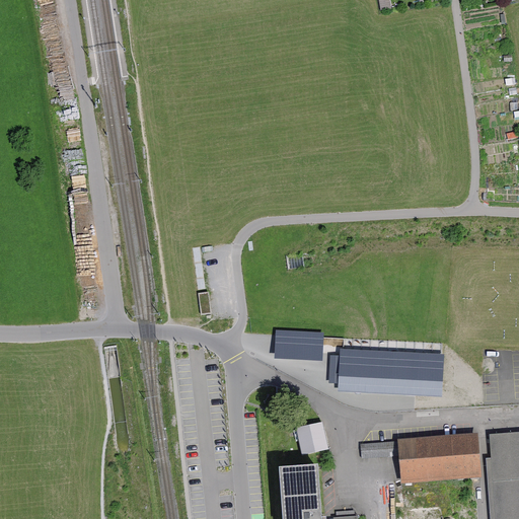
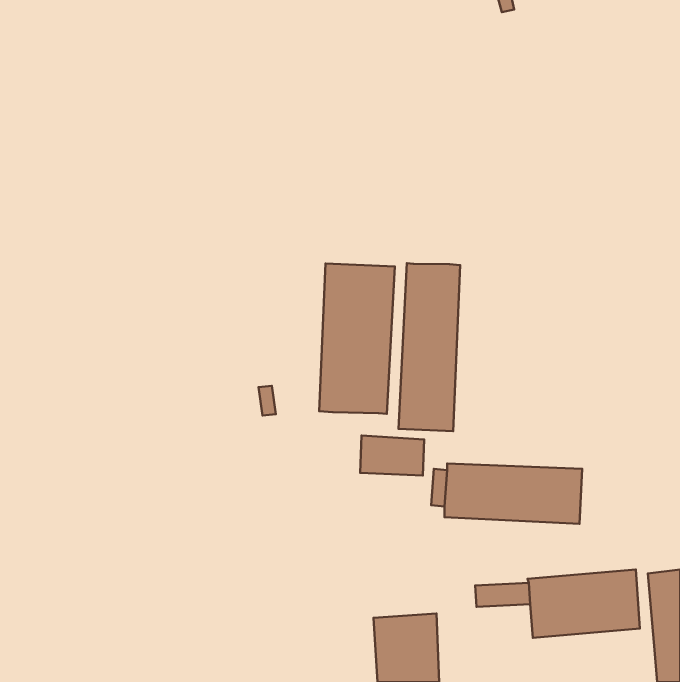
building: none -> [399,263,460,431]
building: none -> [319,263,395,414]
building: [294,424,325,455] -> none

